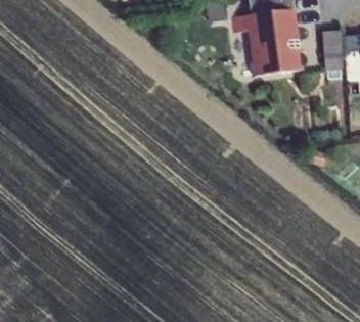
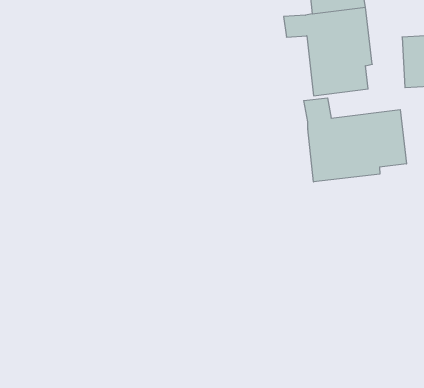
building: none -> [304,98,406,182]

